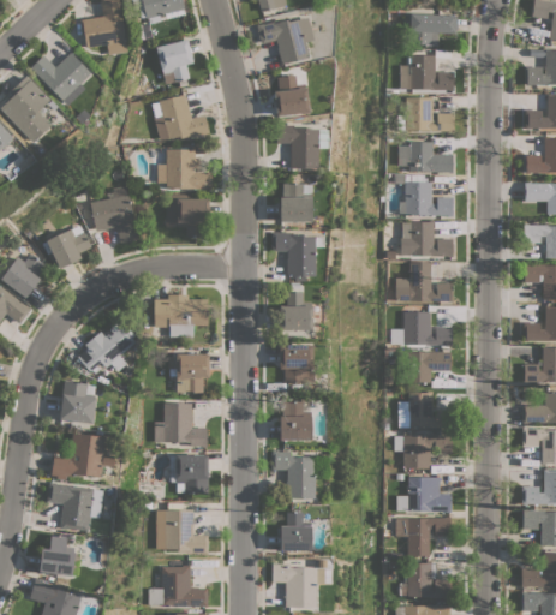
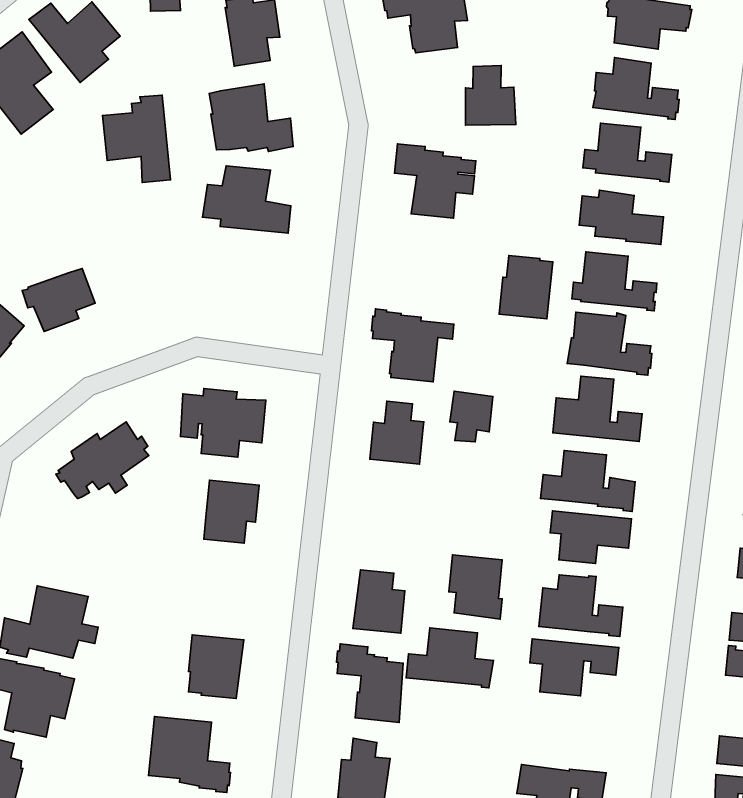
building: [274,74,309,115] -> [466,65,516,125]
building: [280,183,311,221] -> [499,255,553,319]
building: [90,185,138,243] -> [103,95,170,183]
building: [166,193,209,237] -> none
building: none -> [450,391,493,442]
building: [279,345,313,383] -> [449,555,502,619]
building: [59,378,96,423] -> none
building: [155,402,207,447] -> none
building: [396,477,452,512] -> [406,628,493,688]

